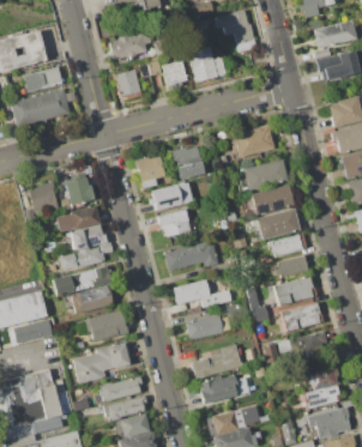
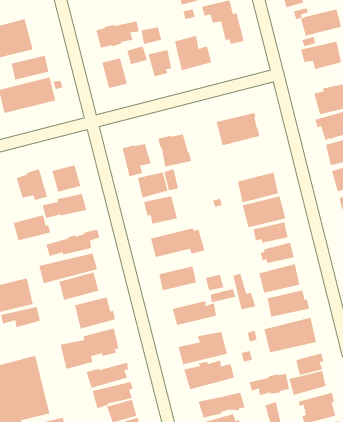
building: [245,159,288,191] -> none
building: [70,224,108,250] -> [13,215,51,241]
building: none -> [249,373,289,396]

